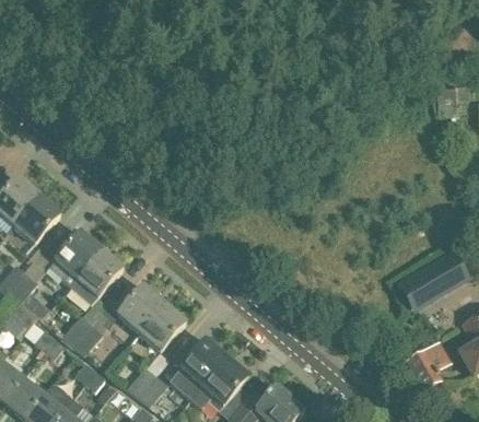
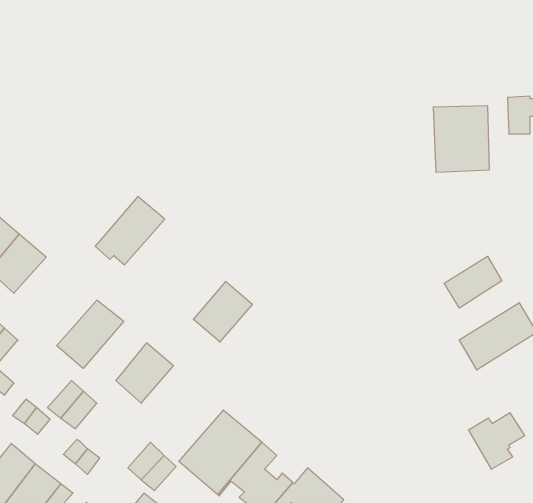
building: none -> [434,106,489,172]
building: none -> [444,256,502,308]
building: [46,232,103,288] -> [95,196,165,265]
building: [139,304,187,353] -> [193,282,252,342]

